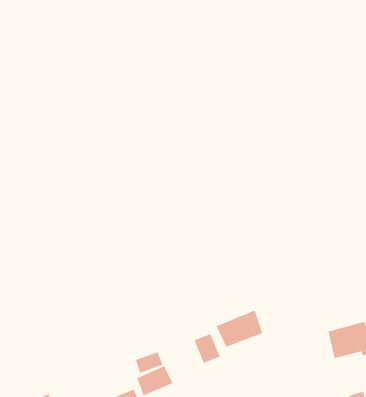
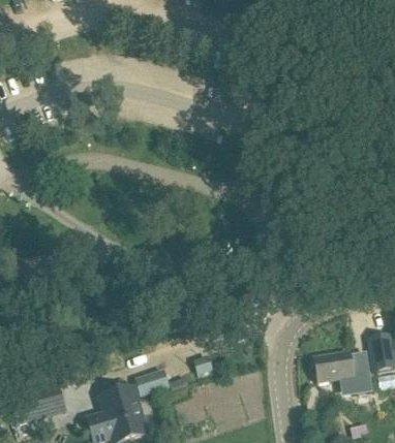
building: [215,310,263,348] -> none

